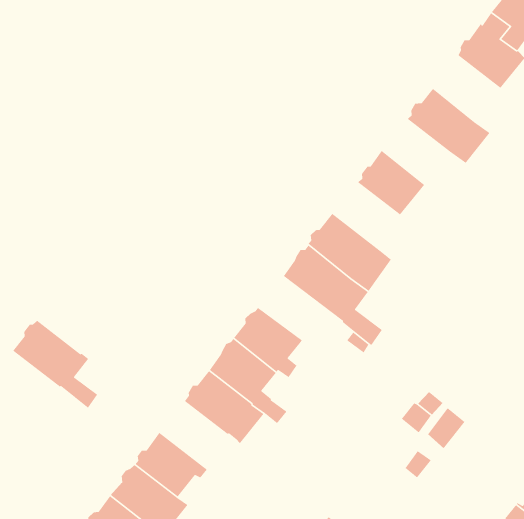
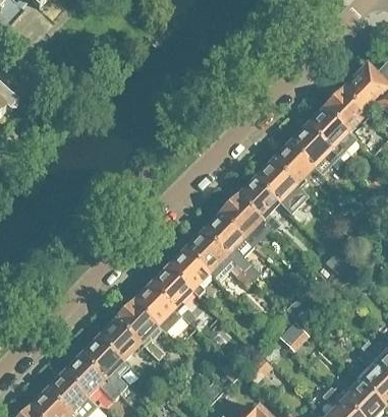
building: none -> [307,107,356,162]
building: none -> [271,142,316,197]
building: none -> [236,178,280,231]
building: none -> [184,231,235,281]
building: [12,320,98,409] -> [115,301,165,359]

